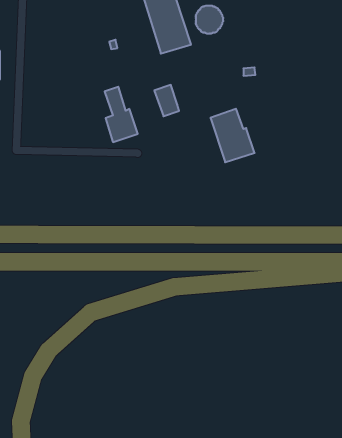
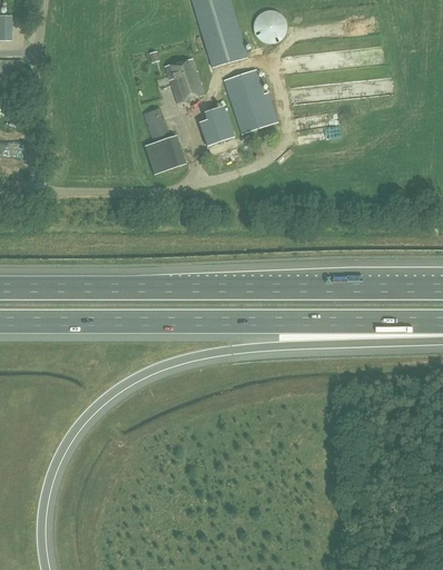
building: none -> [165,58,204,102]
building: [210,109,255,162] -> [224,68,277,132]

